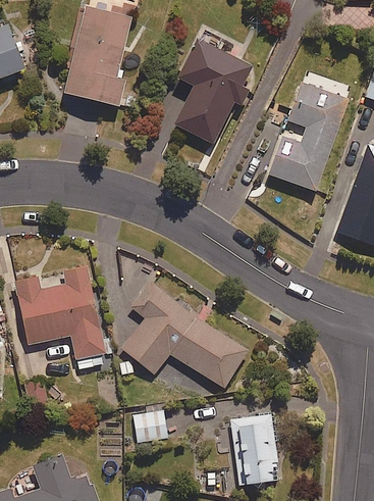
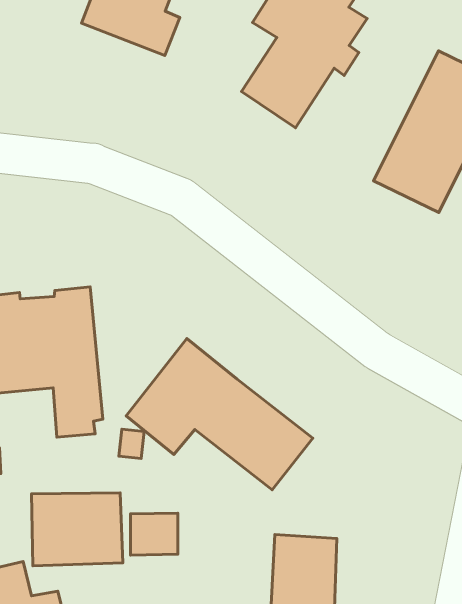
building: none -> [31,493,123,566]

